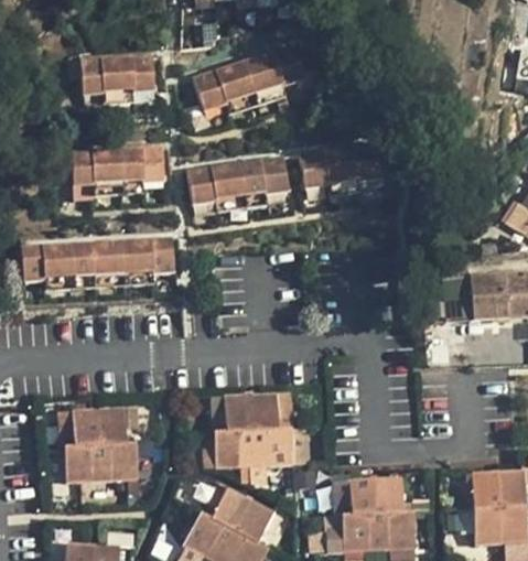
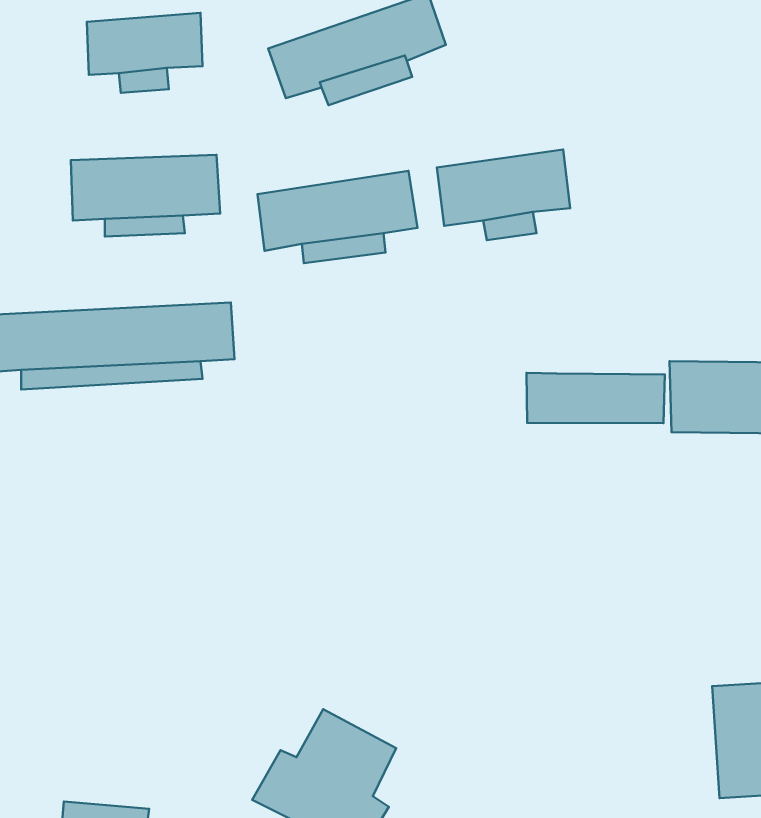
building: none -> [527,373,665,423]
building: [215,395,292,468] -> none
building: [64,409,138,483] -> none
building: [342,477,414,551] -> none

